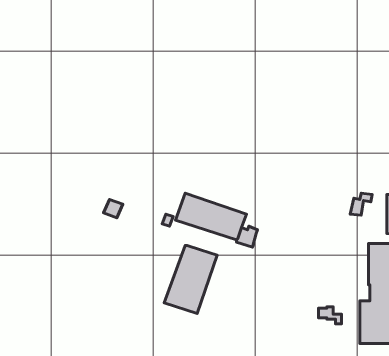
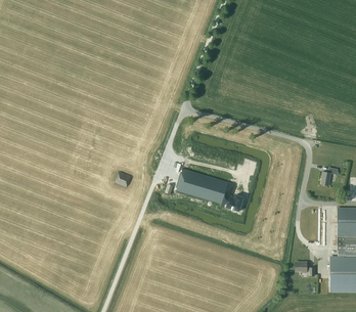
building: [164,245,217,313] -> none

